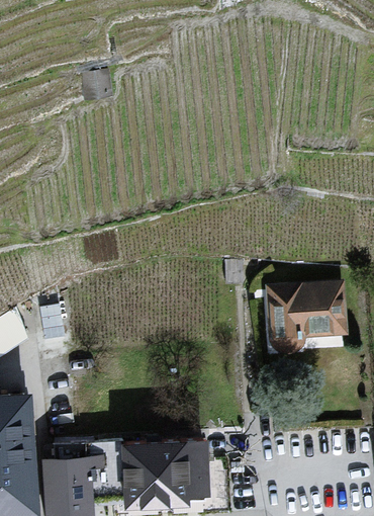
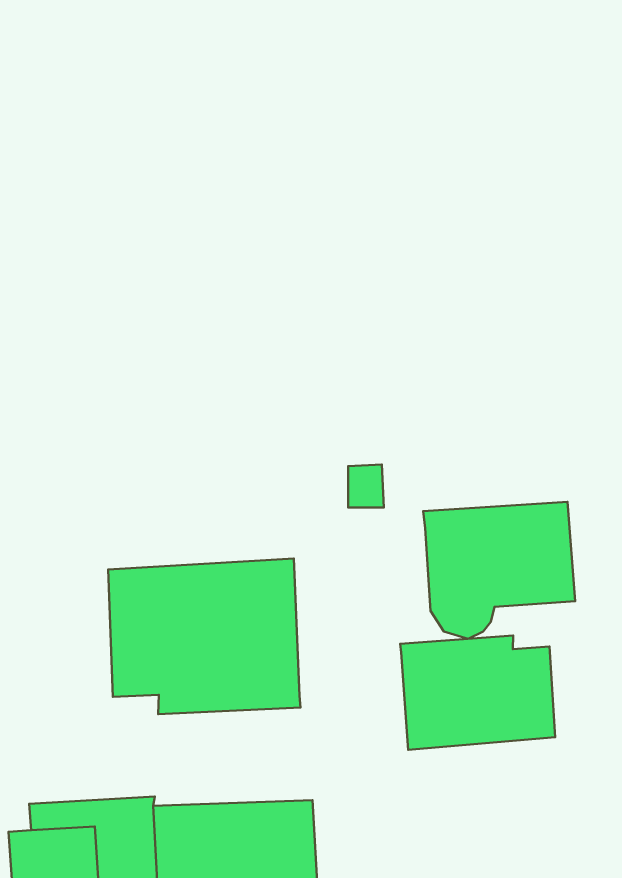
building: none -> [108,559,300,714]
building: none -> [400,635,555,750]

